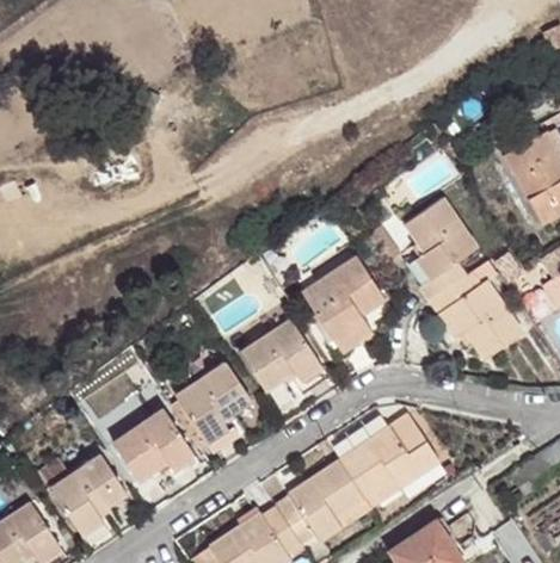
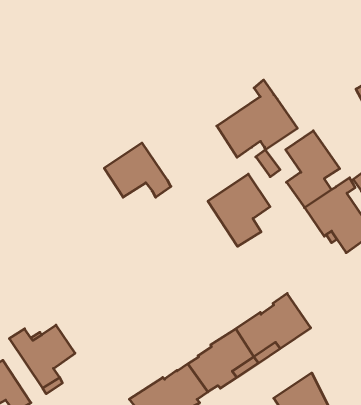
building: none -> [217,80,297,157]
building: [240,318,328,390] -> [104,143,171,197]
building: [171,363,251,453] -> none
building: [113,408,202,481] -> none

